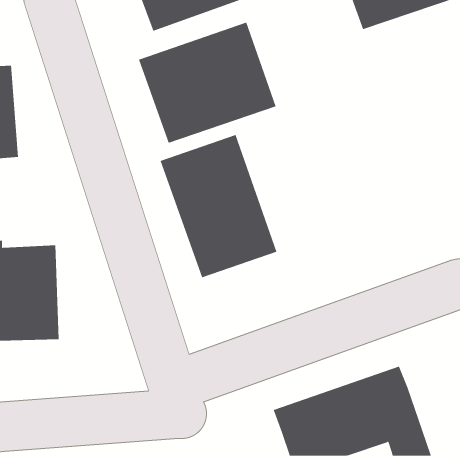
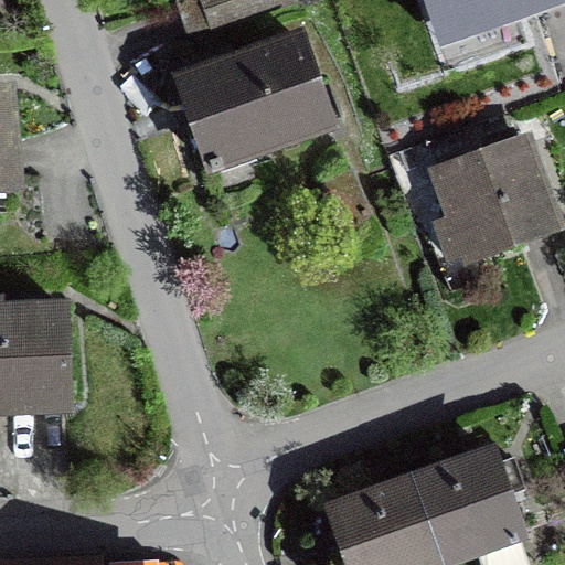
building: none -> [429,134,553,260]
building: [160,134,277,278] -> none

